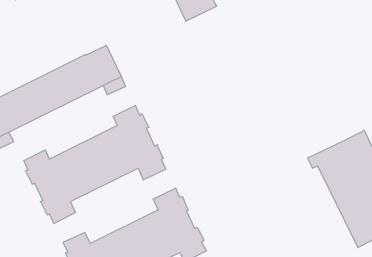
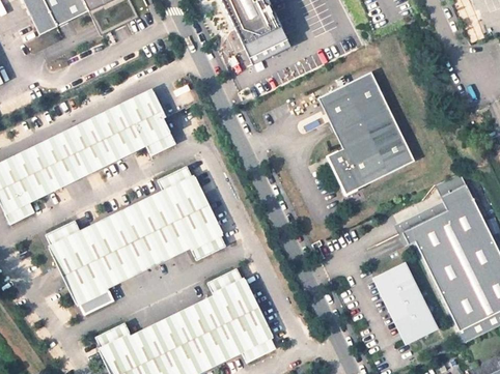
building: none -> [316,71,414,196]
building: none -> [435,171,472,209]
building: none -> [376,263,435,341]

